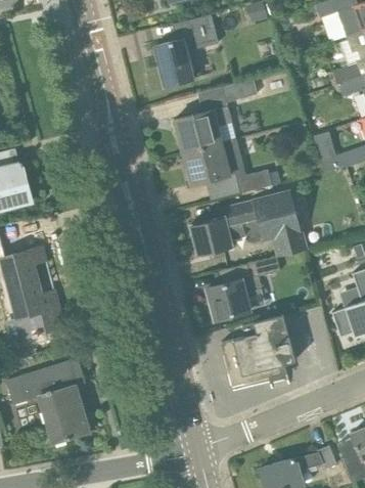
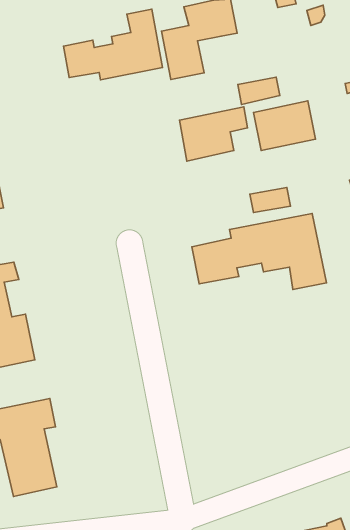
building: none -> [63,9,162,80]
building: [182,141,235,185] -> [254,101,316,151]
building: [207,257,280,319] -> none
building: [221,312,298,383] -> none

